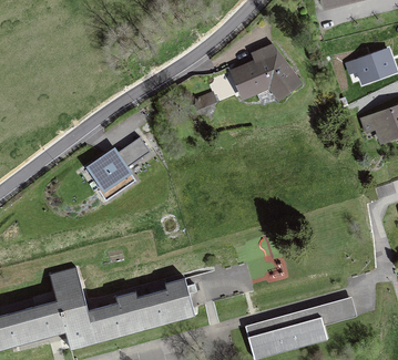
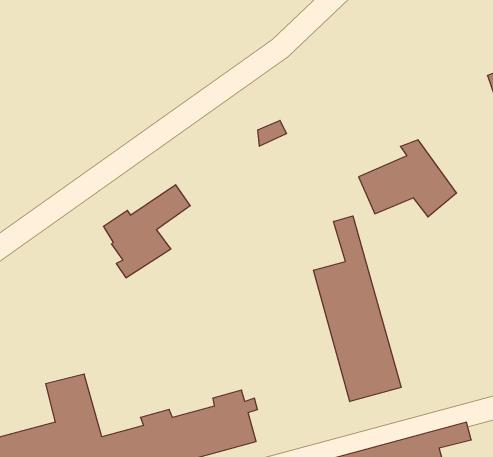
building: [231,45,298,99] -> [359,140,457,217]
building: none -> [314,216,401,402]

